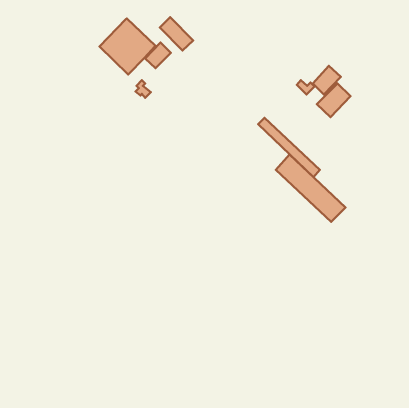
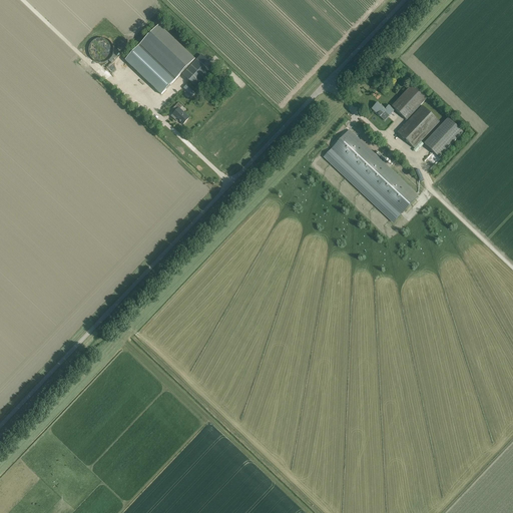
building: [160,17,193,50] -> none
building: none -> [423,116,462,155]
building: [276,154,346,222] -> [331,128,418,212]

